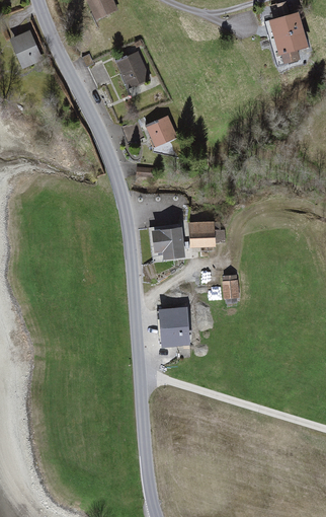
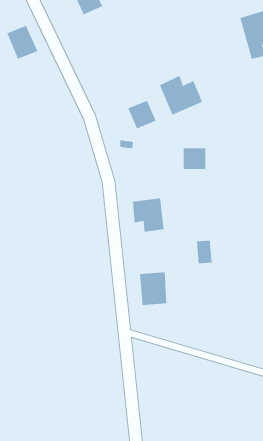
building: [114,52,151,90] -> none
building: none -> [159,75,203,116]
building: [189,222,216,246] -> [183,148,206,170]

